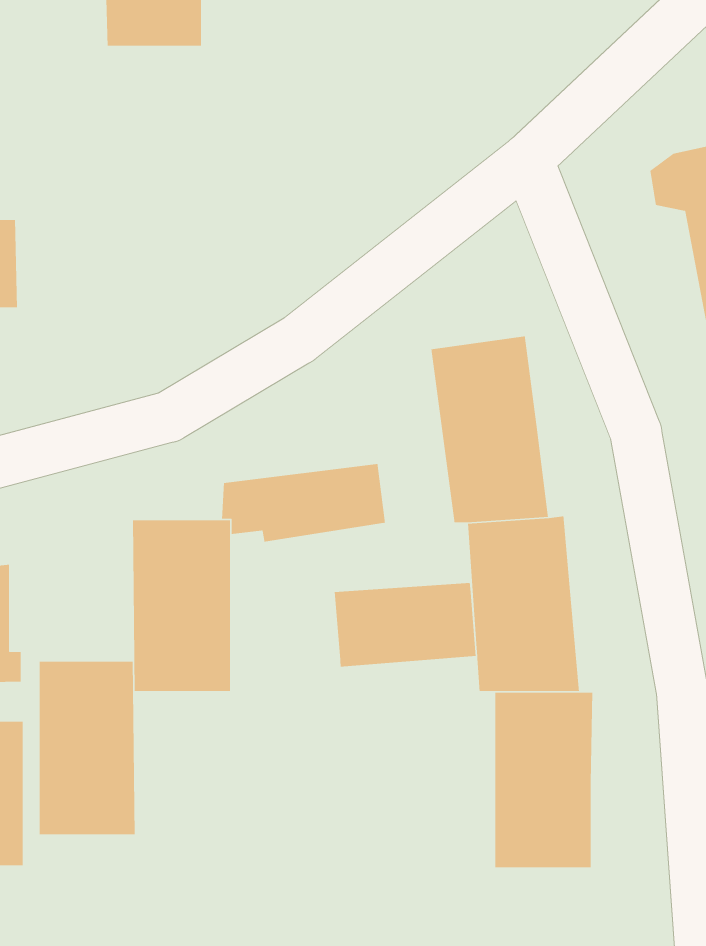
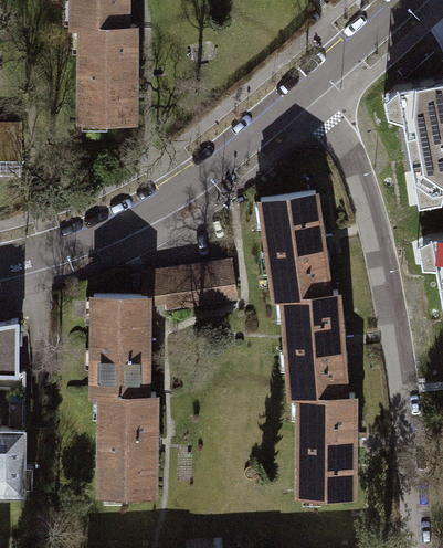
building: none -> [83,29,138,125]
building: [334,582,477,667] -> none
building: [39,661,136,835] -> [98,397,154,496]

